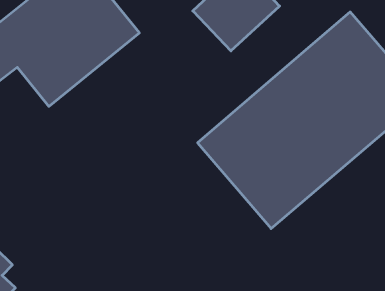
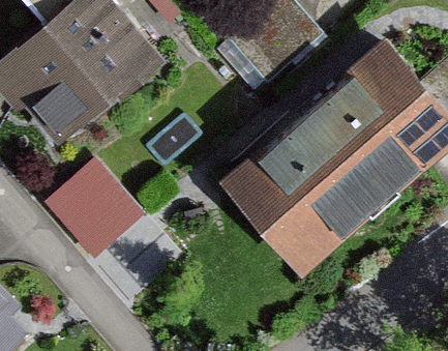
building: none -> [40,158,140,259]

